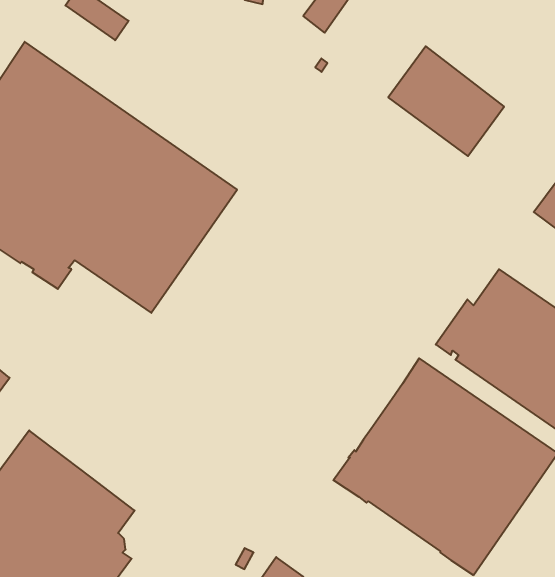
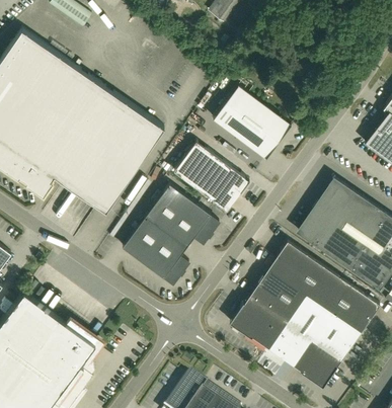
building: [388,46,504,156] -> [213,85,291,159]
building: none -> [173,142,249,212]
building: none -> [122,184,219,284]

